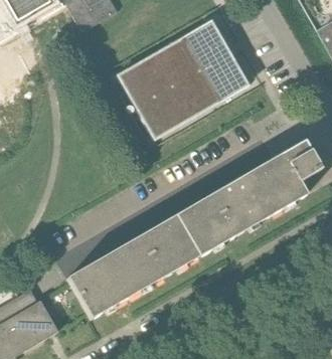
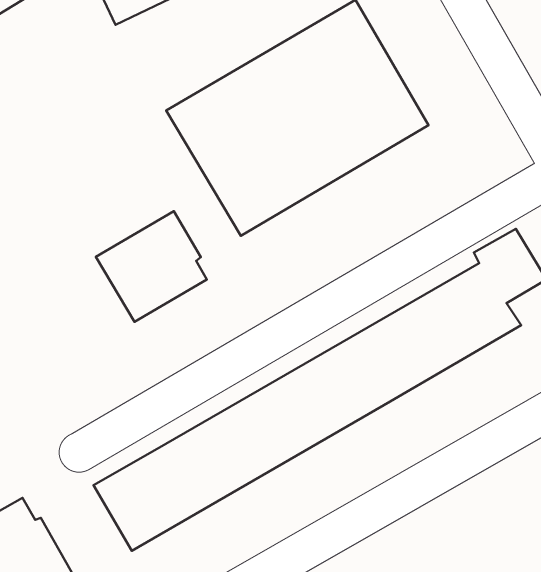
building: none -> [96,211,207,322]

